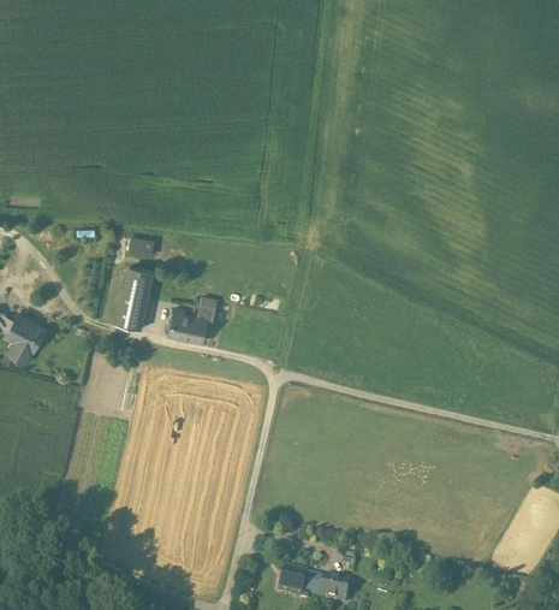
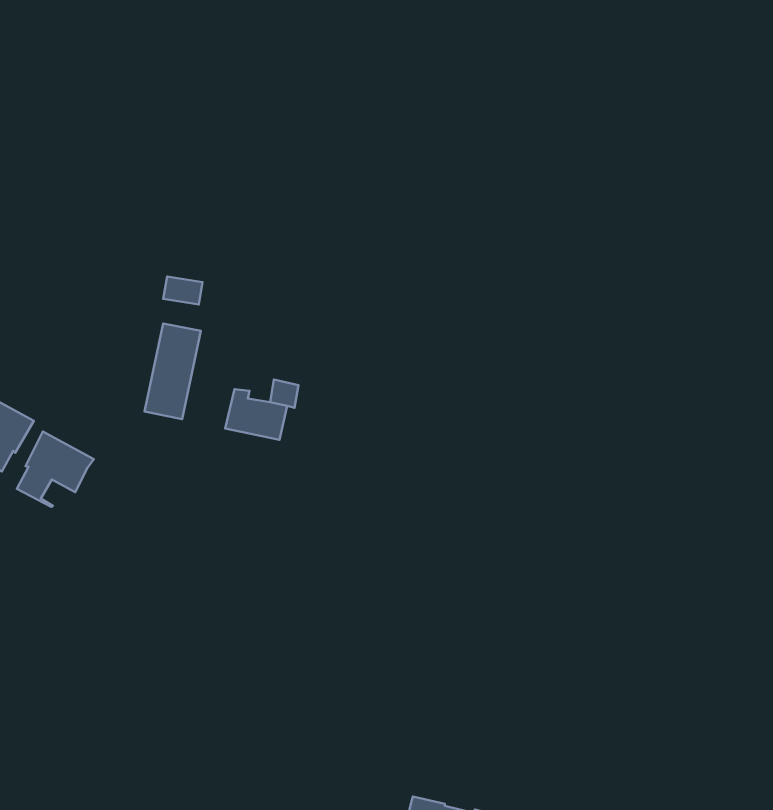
building: none -> [17,431,94,507]

